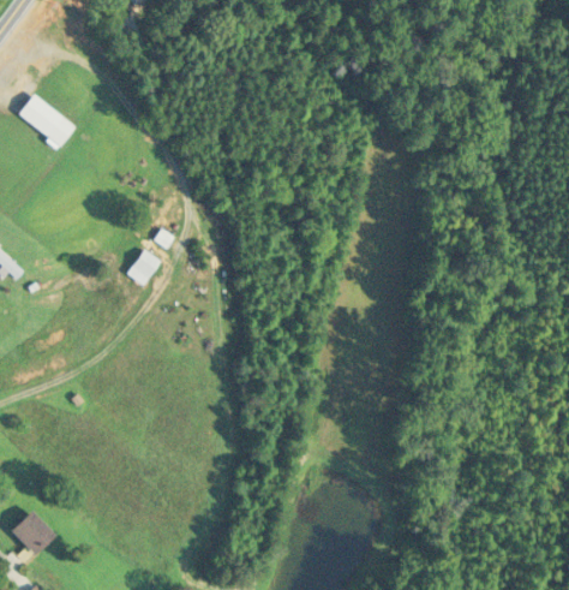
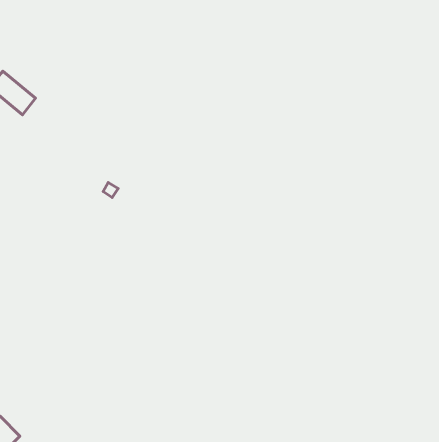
building: [127,250,161,285] -> none

